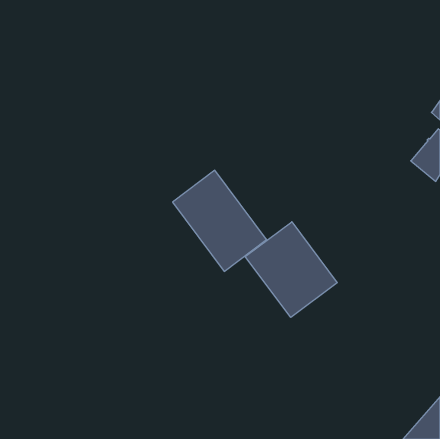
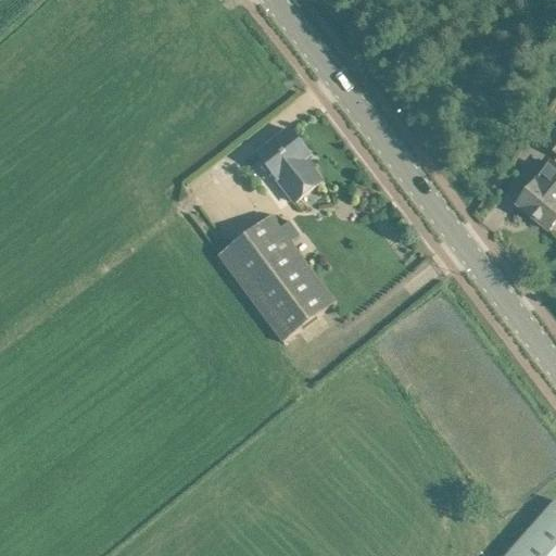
building: none -> [256,128,321,202]
building: [245,222,337,317] -> none

